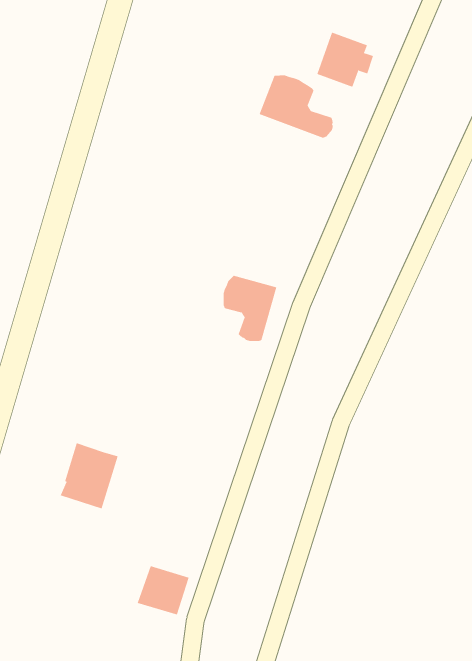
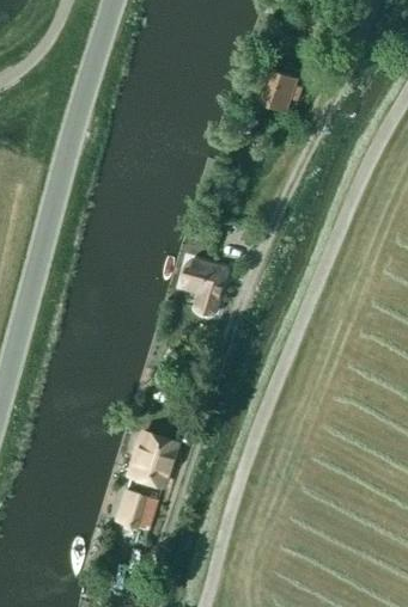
building: [259,75,333,138] -> none
building: [60,443,119,509] -> [129,433,176,485]

